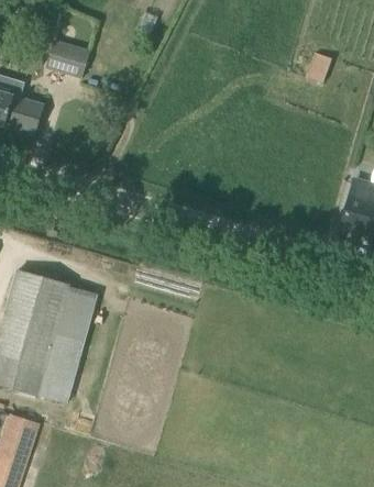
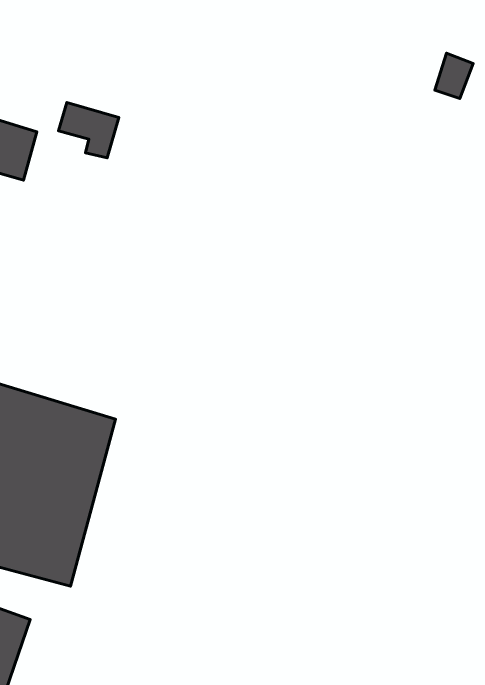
building: [50,40,89,76] -> [59,103,119,158]

